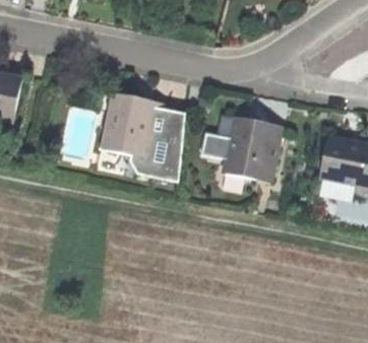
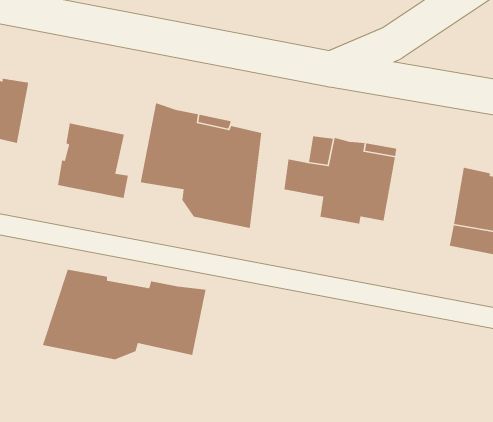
building: none -> [57,122,129,199]
building: none -> [42,269,207,360]

